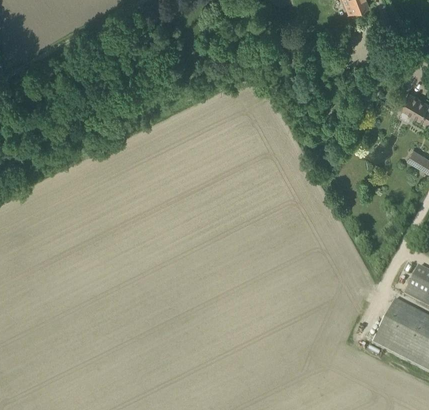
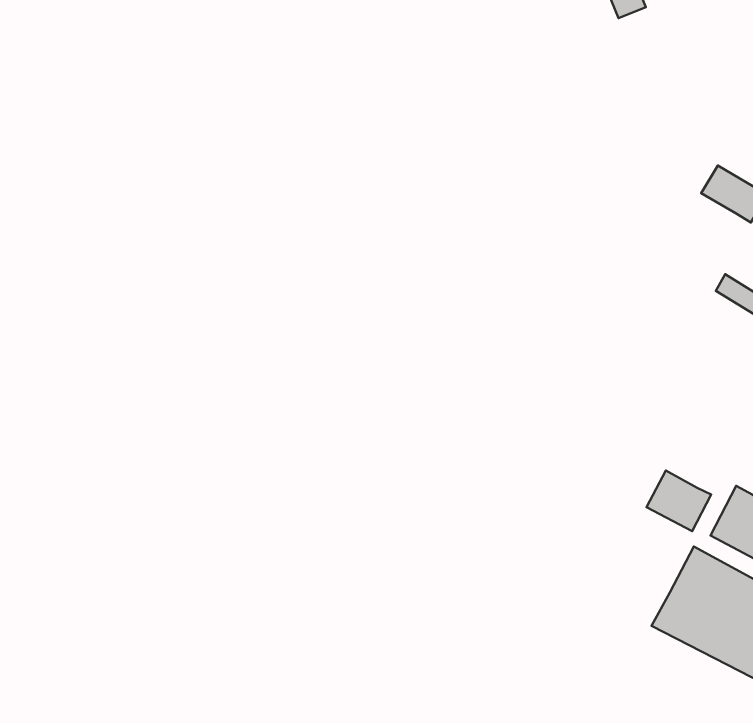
building: none -> [647,471,711,531]

